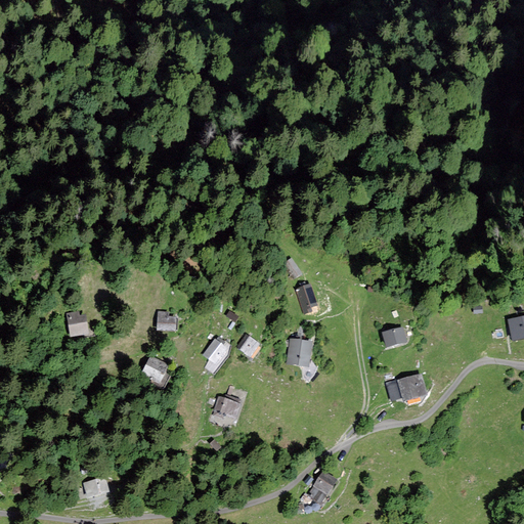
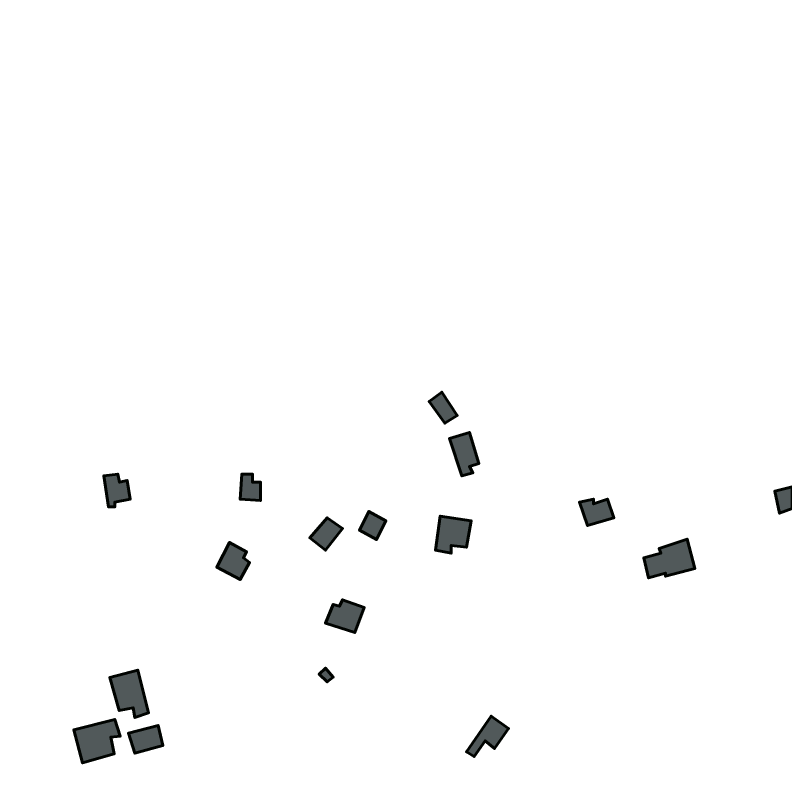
building: [390,374,424,399] -> [644,539,695,578]
building: none -> [110,670,149,718]
building: none -> [74,720,120,763]

